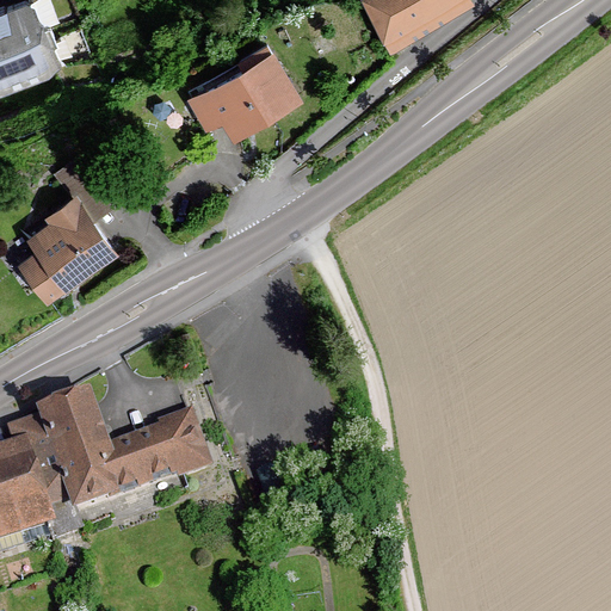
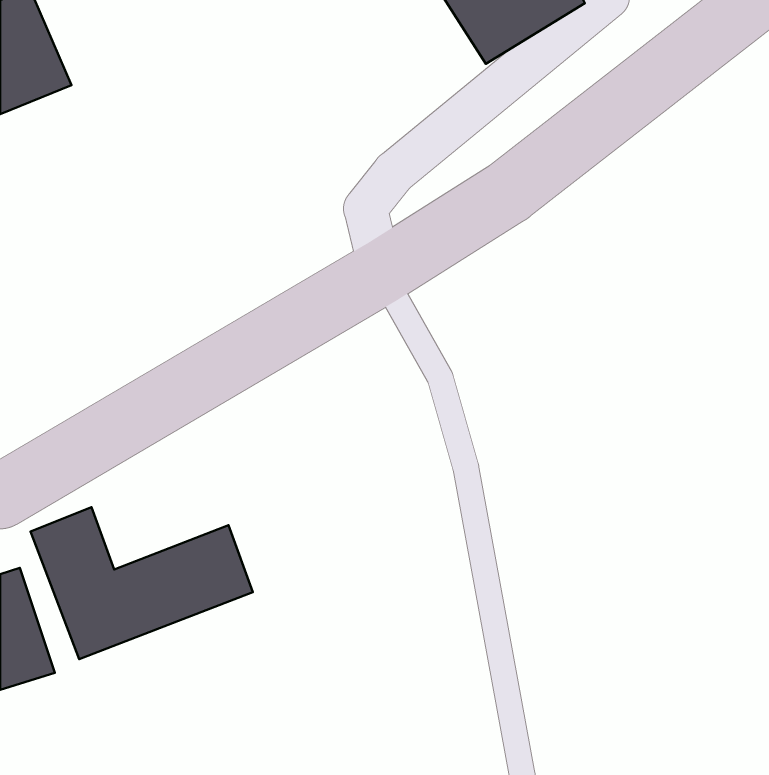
building: [183,47,296,137] -> none
building: [16,192,113,300] -> none

